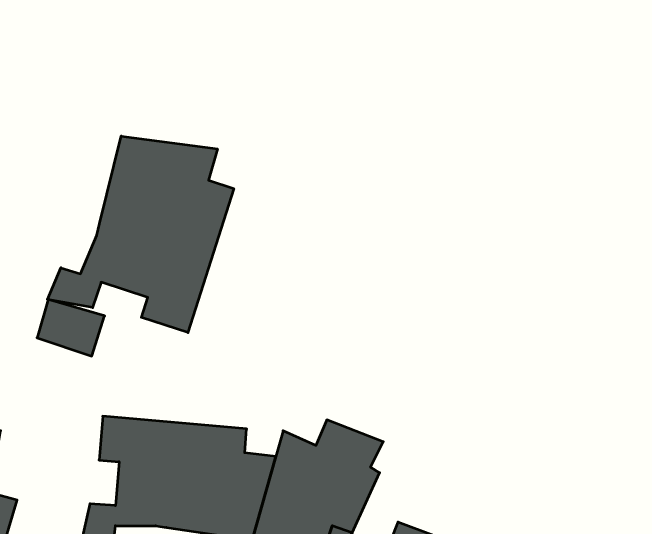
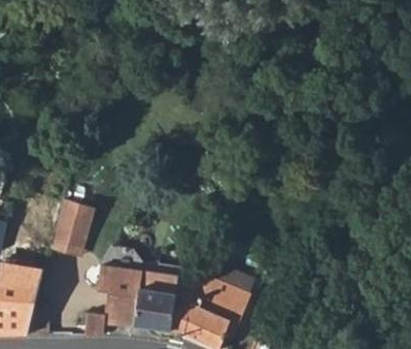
building: [47,136,234,333] -> none
building: none -> [50,218,90,254]

